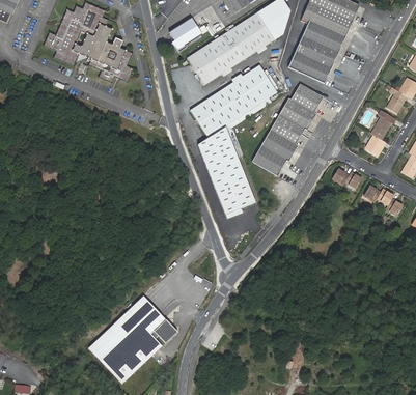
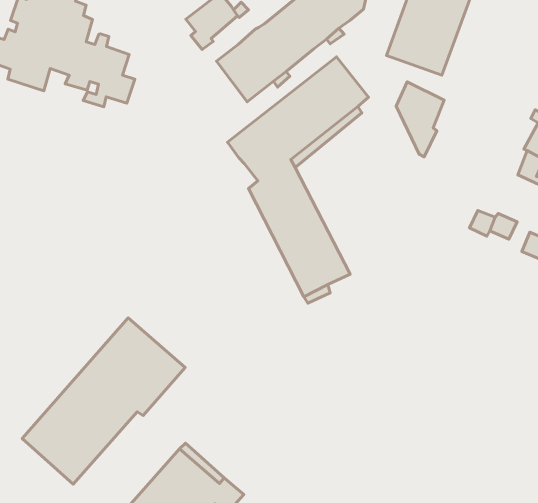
building: [254,97,305,175] -> none
building: none -> [22,318,185,484]

